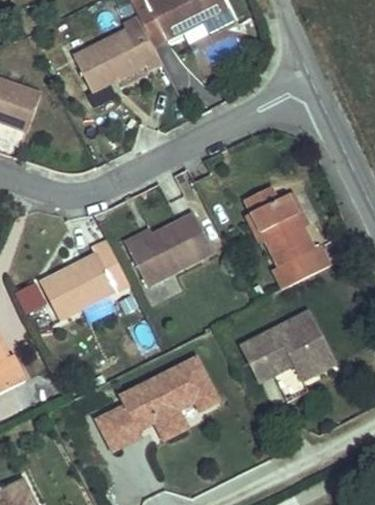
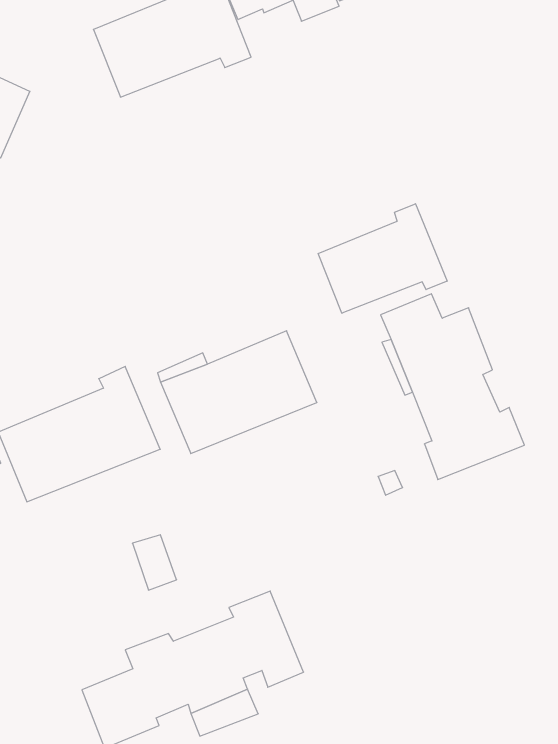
building: none -> [318,204,447,313]
building: [242,310,336,382] -> none

